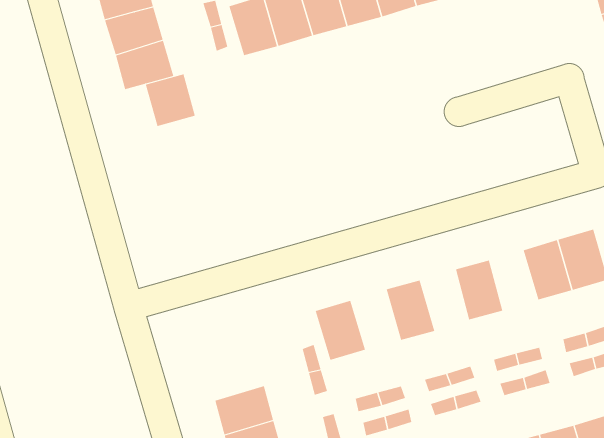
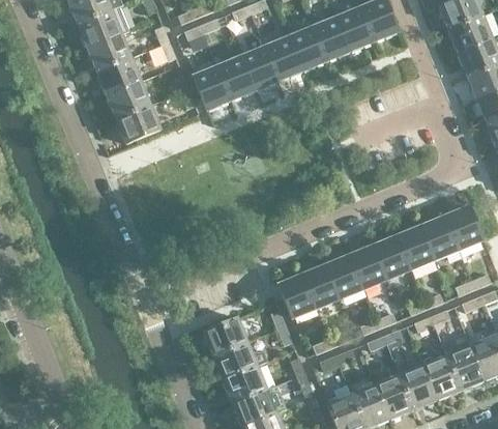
building: [145,73,196,127] -> none
building: none -> [398,225,435,269]
building: none -> [350,244,387,289]
building: none -> [302,263,341,308]
building: none -> [203,317,247,355]

